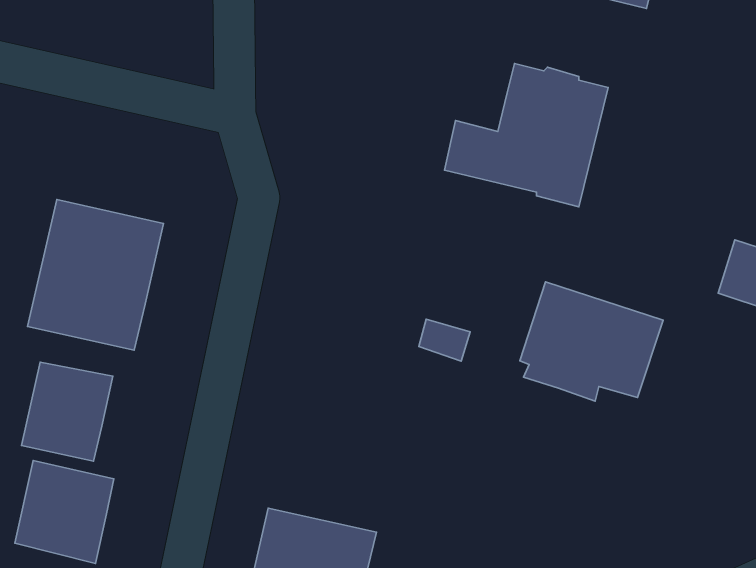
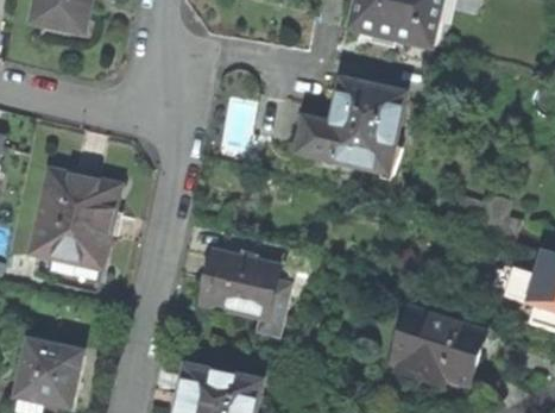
building: [520,282,663,401] -> [390,306,483,383]
building: none -> [200,250,285,333]
building: [22,362,113,461] -> none

